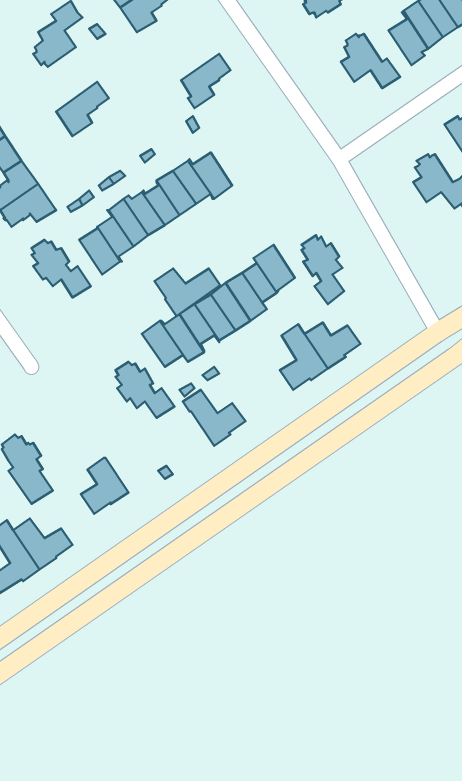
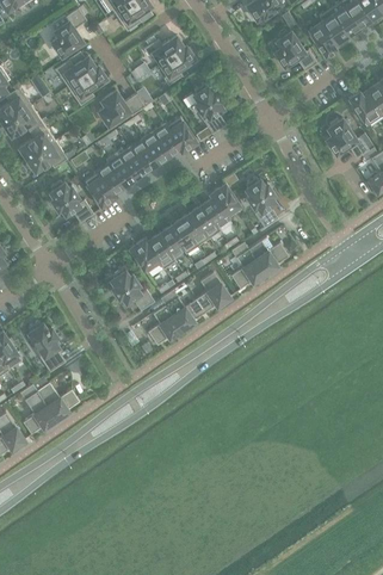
building: none -> [142,36,185,64]
building: none -> [54,56,97,87]
building: none -> [192,84,224,132]
building: none -> [98,91,143,124]
building: [155,268,220,316] -> none
building: none -> [194,272,229,311]
building: [81,458,129,514] -> [147,304,181,345]

